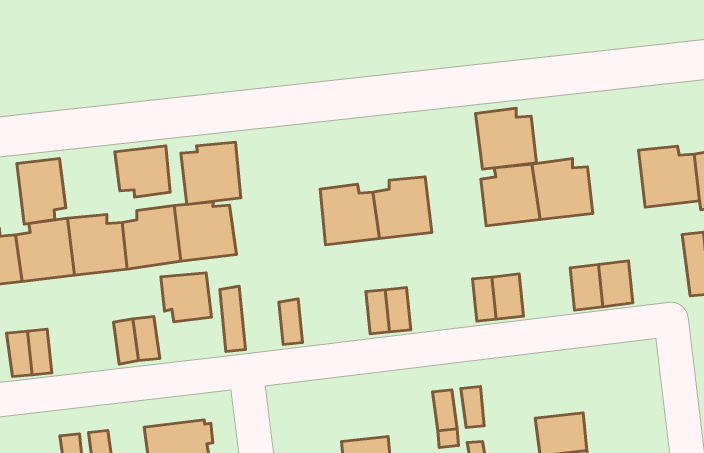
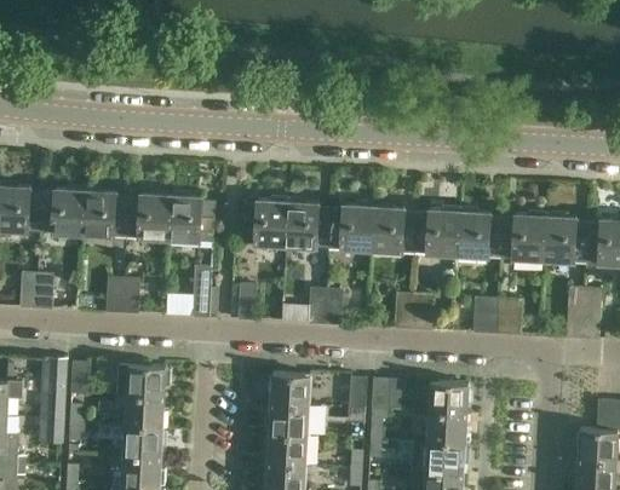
building: [476,108,536,169] -> [372,207,418,254]
building: [181,142,241,204] -> [242,200,289,247]
building: [115,146,170,197] -> none
building: none -> [501,214,546,261]
building: [17,158,66,224] -> none
building: [161,273,212,322] -> none
building: none -> [427,384,467,415]
building: none -> [271,374,310,407]

